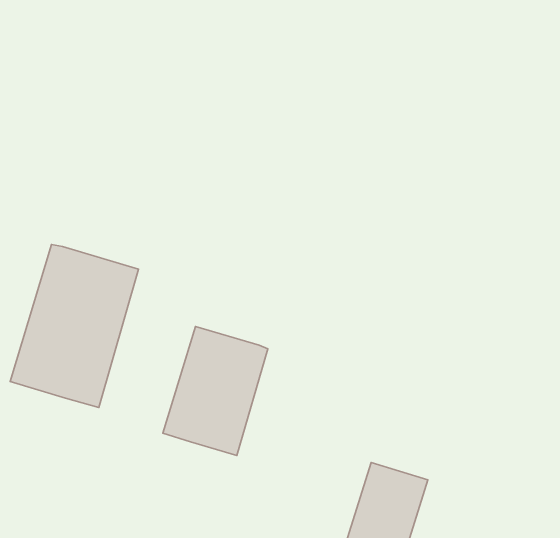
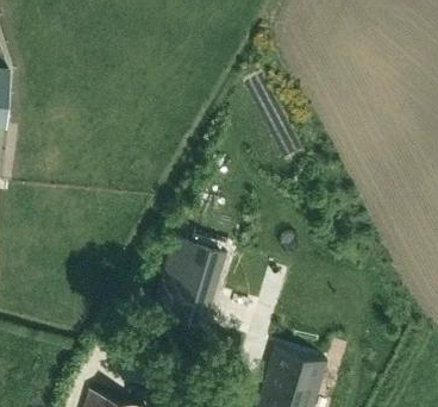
building: [10,245,139,407] -> none

